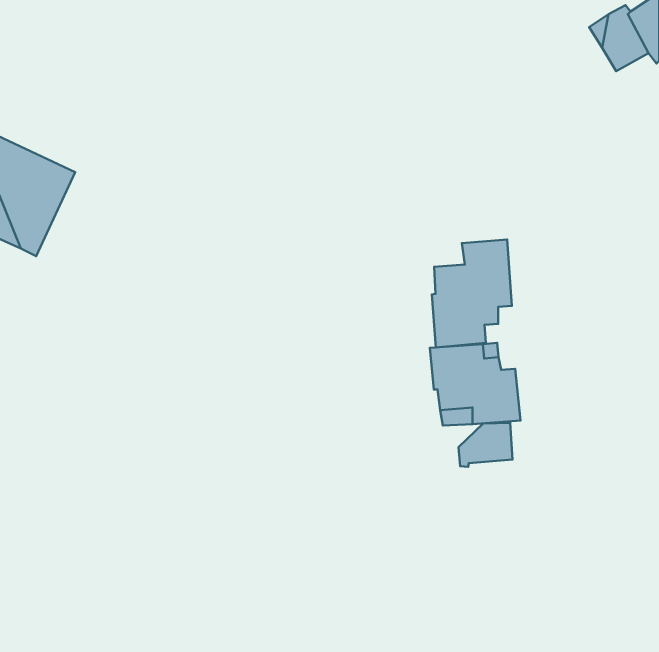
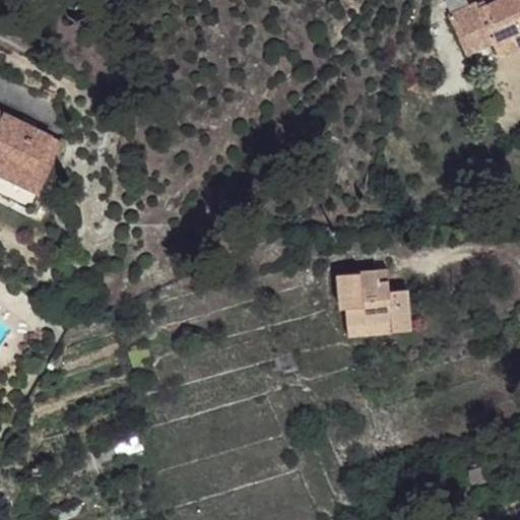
building: [432,239,512,348] -> none
building: [458,423,513,467] -> none

